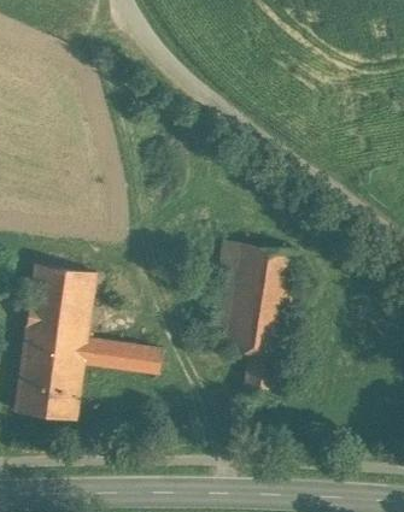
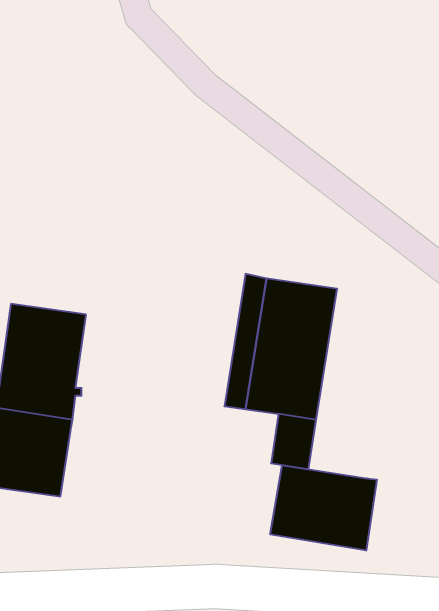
building: [83,339,162,375] -> none
building: none -> [270,465,377,551]

